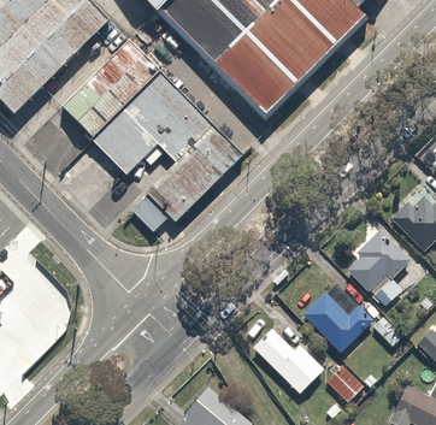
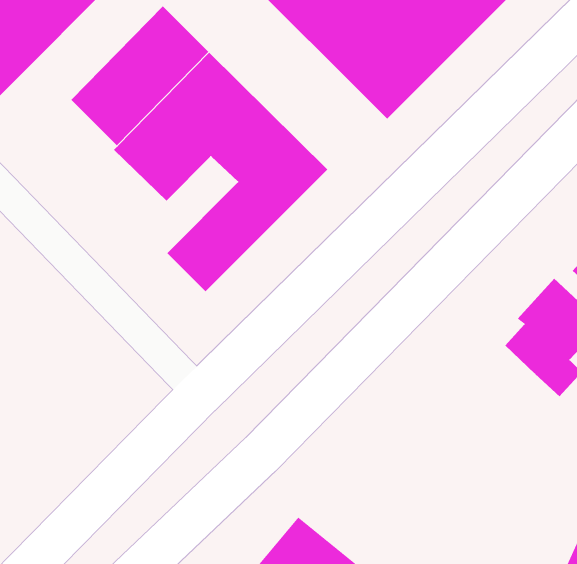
building: [301,288,376,354] -> none
building: [254,327,325,394] -> none
building: [329,366,365,402] -> none

